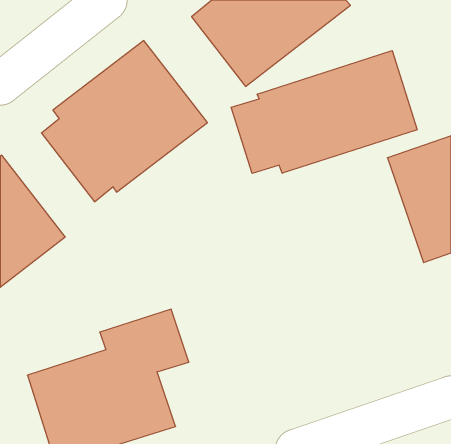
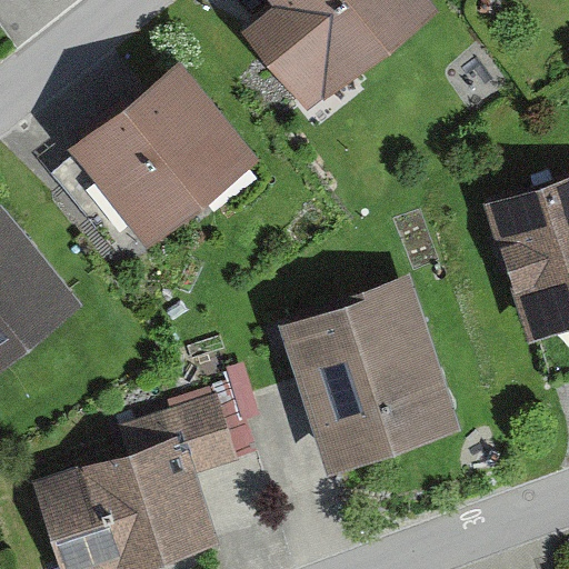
building: [231,51,417,173] -> none
building: none -> [277,274,461,477]

